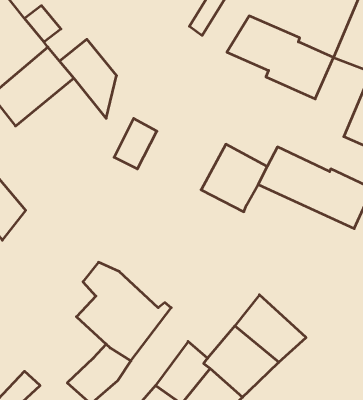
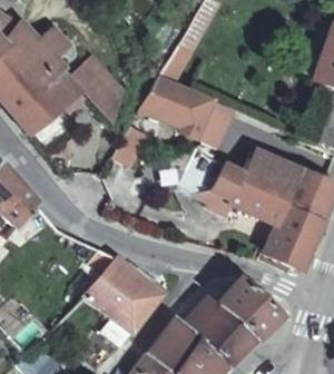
building: [227,16,333,99] -> [145,76,236,147]
building: none -> [230,183,323,268]

